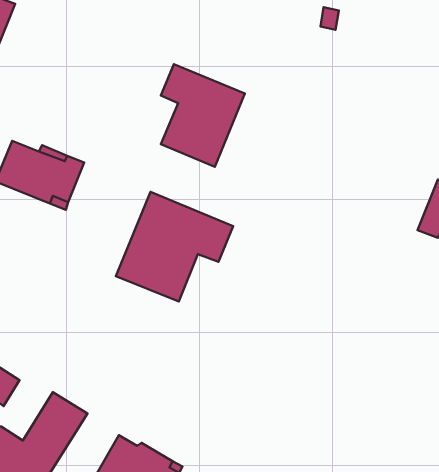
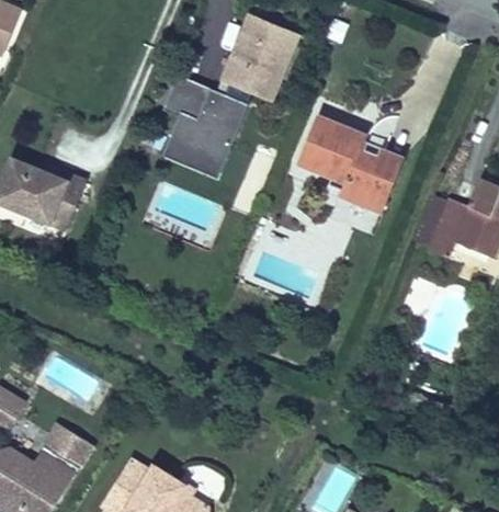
building: none -> [228,24,296,100]
building: none -> [295,123,395,212]
building: [116,192,233,301] -> none

